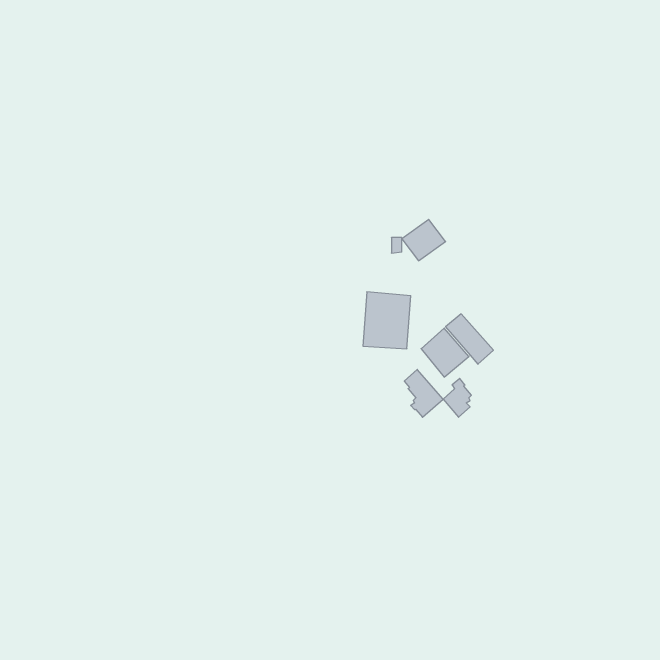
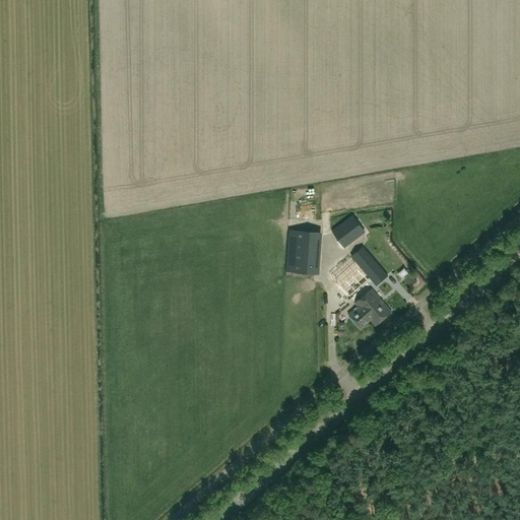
building: [402,219,446,261] -> [331,215,366,248]
building: [404,369,443,417] -> [362,288,392,326]

